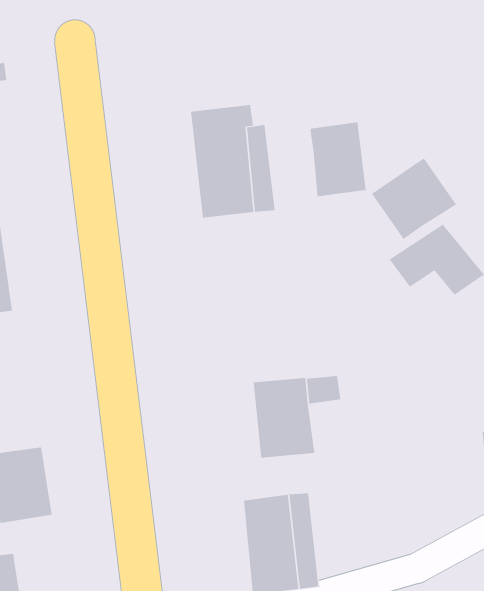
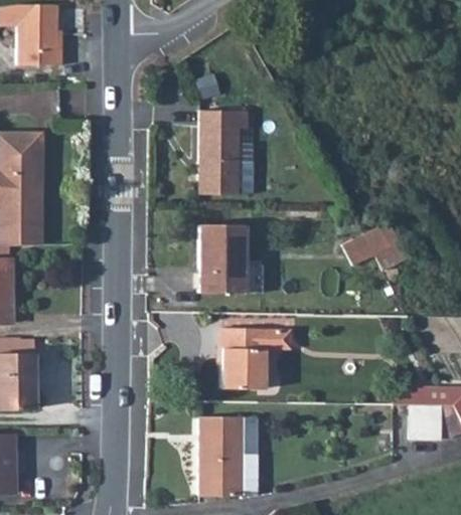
building: [310,122,366,197] -> none
building: [371,157,457,240] -> none
building: none -> [199,224,246,293]

